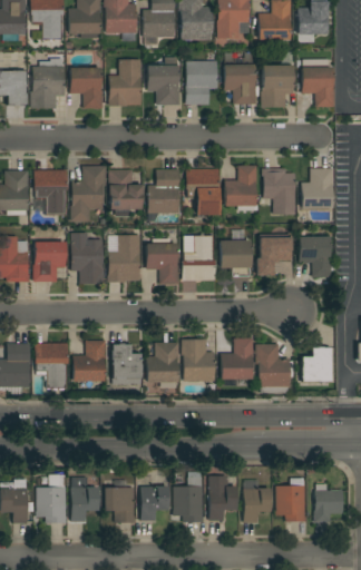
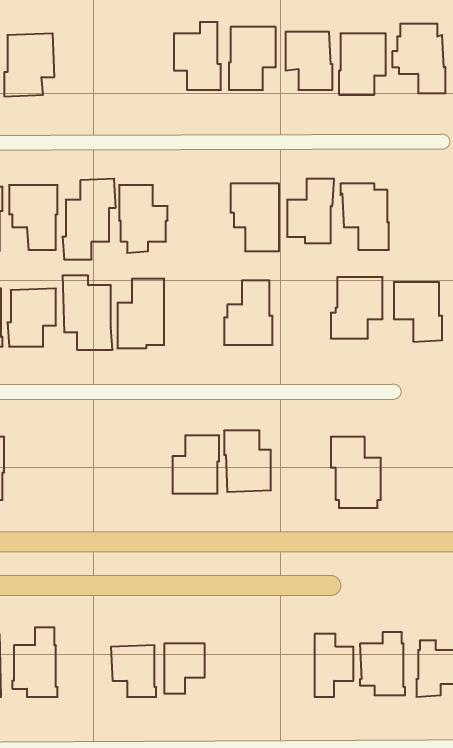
building: [108,60,140,107] -> none
building: [69,68,103,108] -> none
building: [301,168,333,208] -> none
building: [148,169,179,214] -> none
building: [219,240,251,279] -> none
building: [146,244,178,284] -> none
building: [221,338,253,380] -> none
building: [72,341,106,382] -> none
building: [35,343,68,389] -> none
building: [111,345,142,385] -> none
building: [302,348,330,381] -> none
building: [208,476,236,521] -> none
building: [70,478,98,522] -> none
building: [173,478,203,523] -> none

